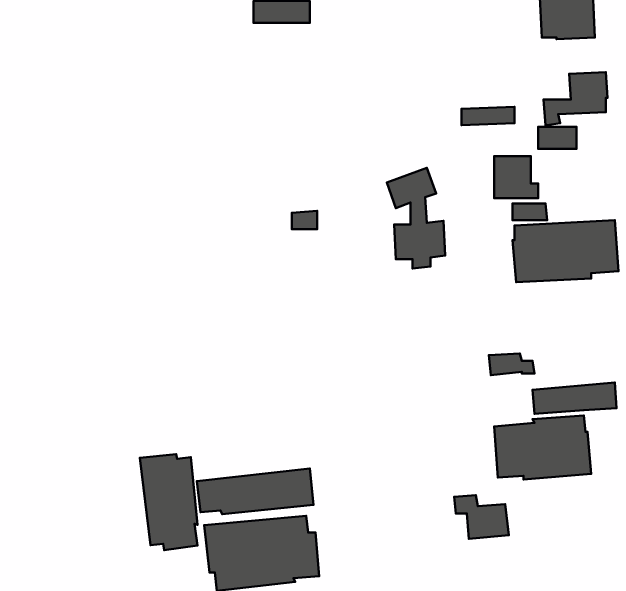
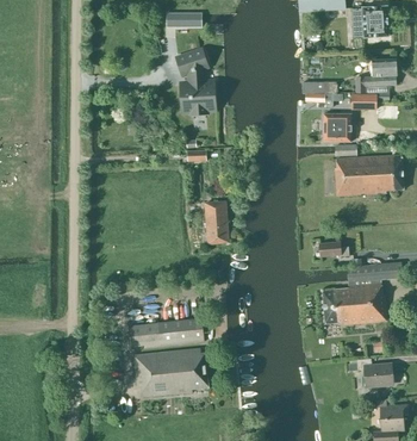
building: [387,168,445,268] -> [176,49,214,114]
building: none -> [205,201,229,243]
building: [140,454,198,550] -> none
building: [454,495,509,539] -> [356,358,392,386]

